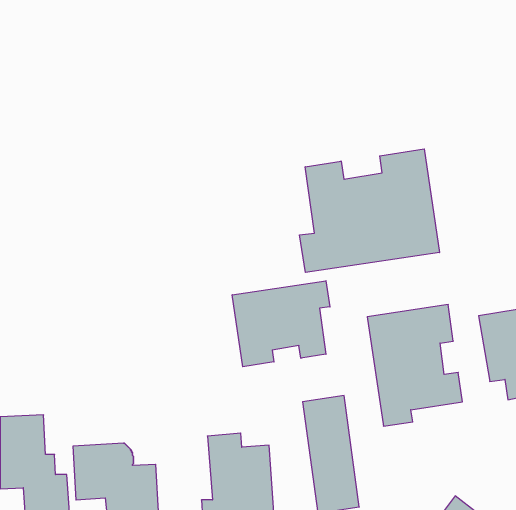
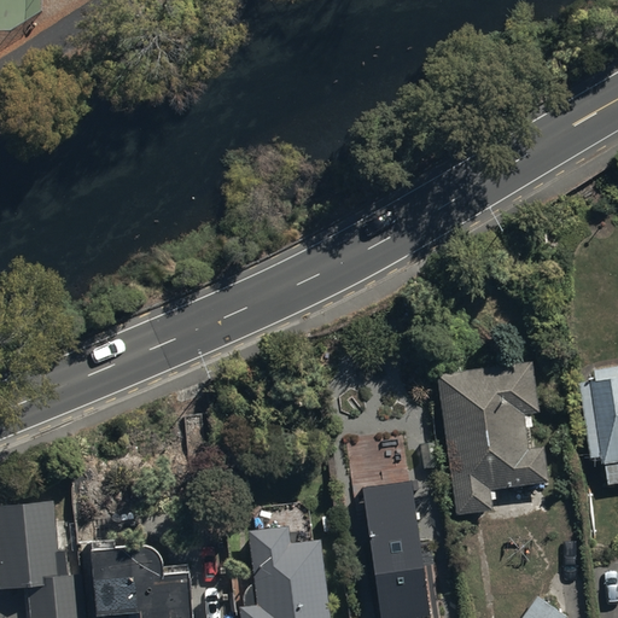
building: [300,149,439,272] -> none
building: [232,281,330,367] -> none

